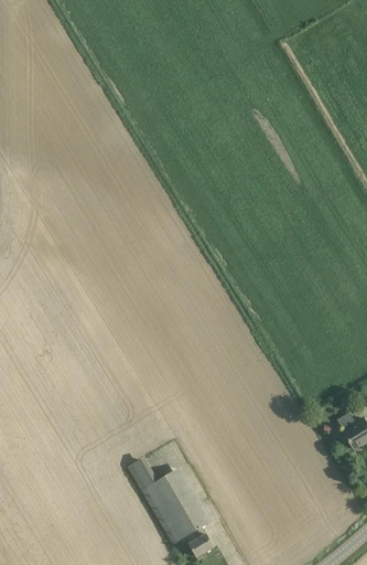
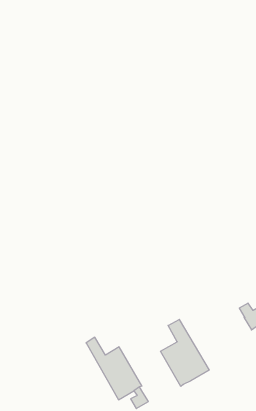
building: none -> [161,319,209,386]

